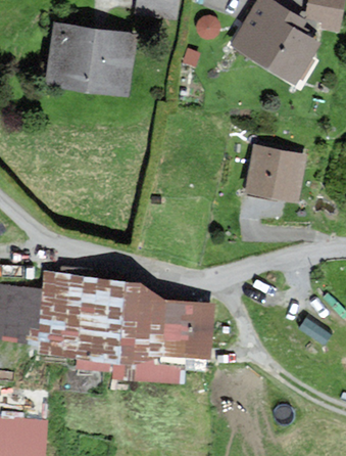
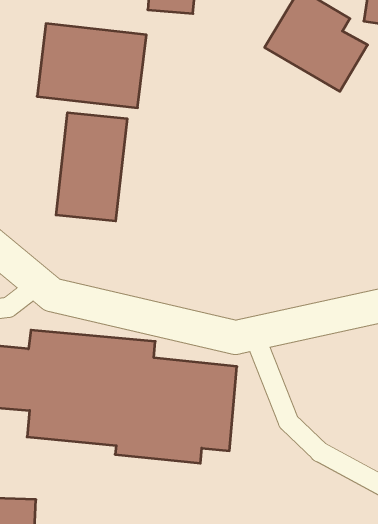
building: none -> [56,113,127,221]
building: [248,146,303,199] -> none

